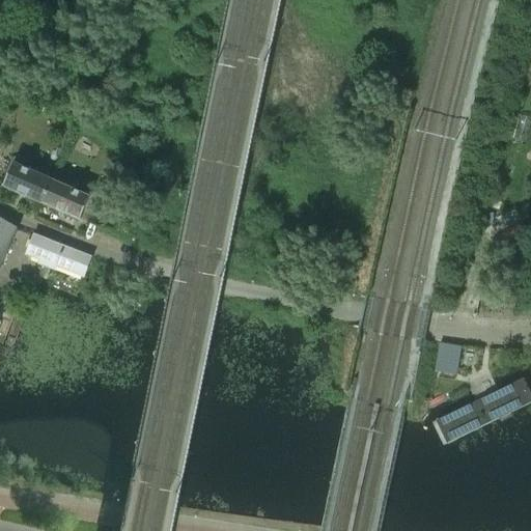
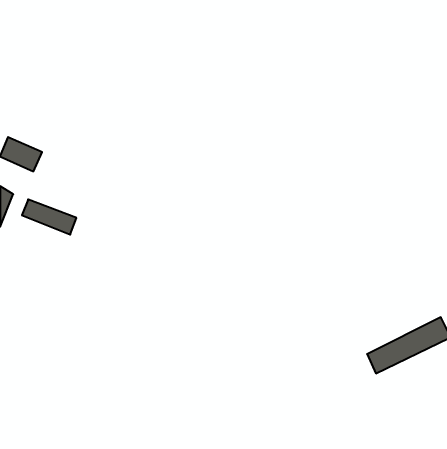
building: [41,179,91,220] -> none
building: [437,342,464,375] -> none

